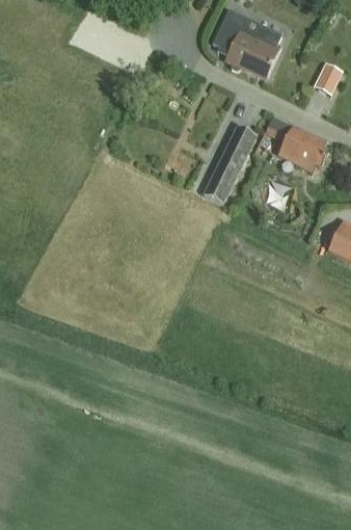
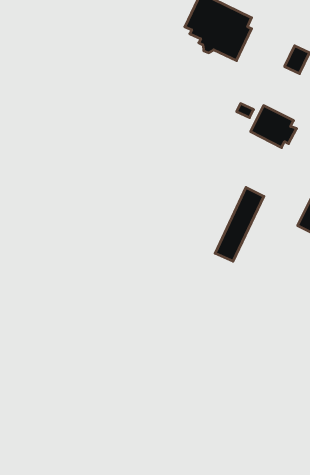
building: [204,126,254,203] -> [215,187,264,261]

